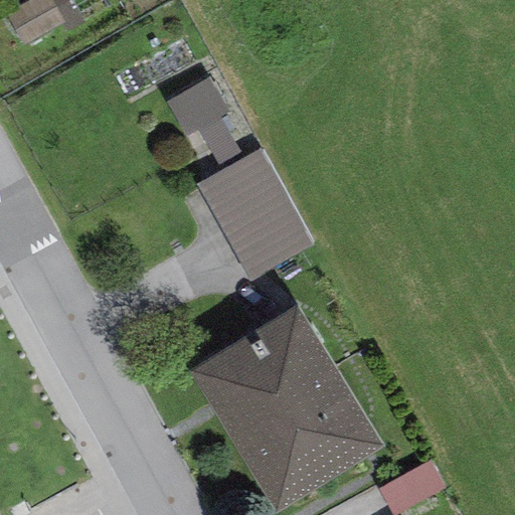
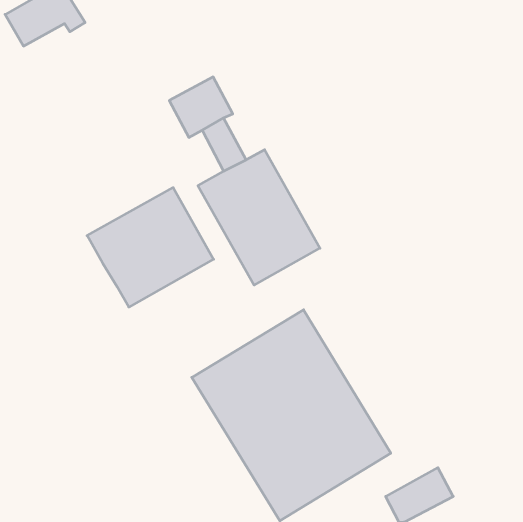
building: none -> [87,188,214,307]

